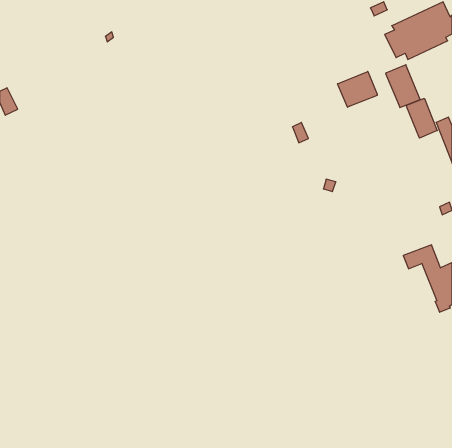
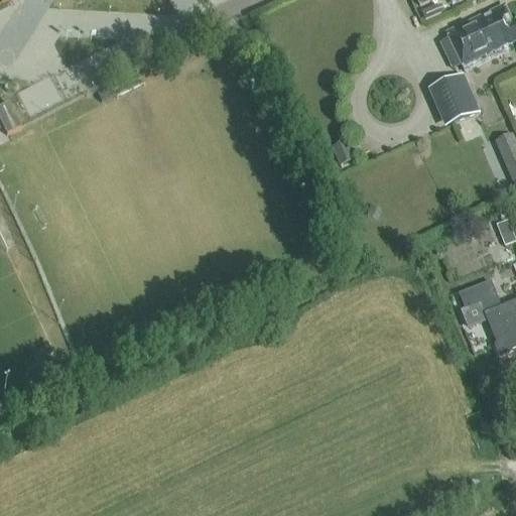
building: [338,71,377,107] -> none
building: [406,99,437,138] -> none

